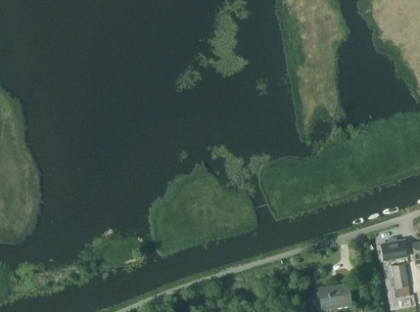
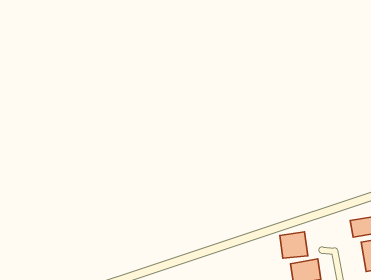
building: none -> [280,232,308,258]

